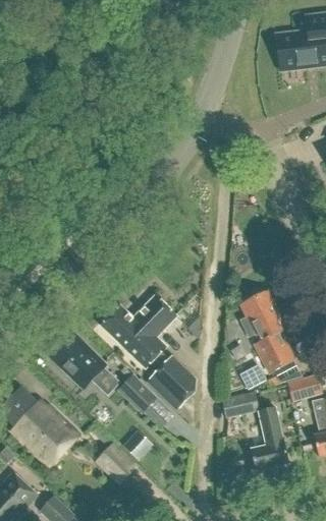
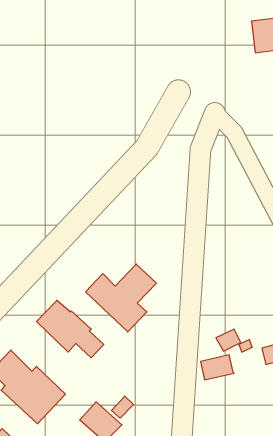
building: [238,289,293,370] -> none
building: [147,354,197,408] -> none
building: [117,372,158,414] -> none
building: [251,407,288,469] -> none

